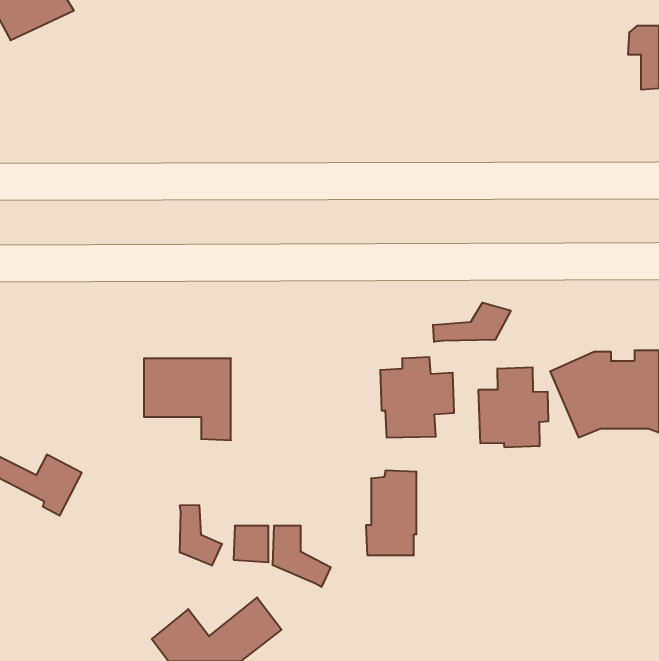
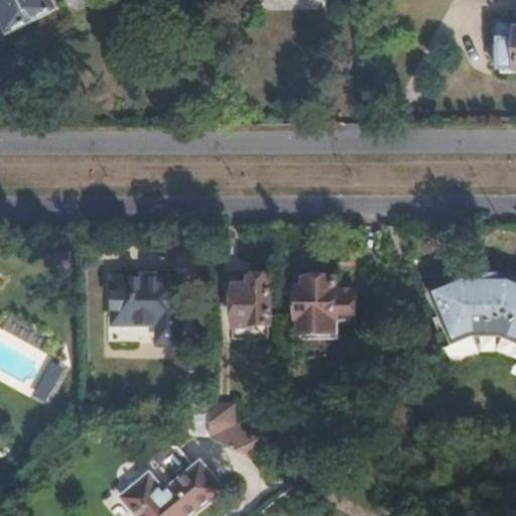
building: [433,303,511,342] -> none
building: [479,367,548,447] -> none
building: [366,471,417,555] -> [230,276,269,342]
building: [180,505,222,566] -> none

